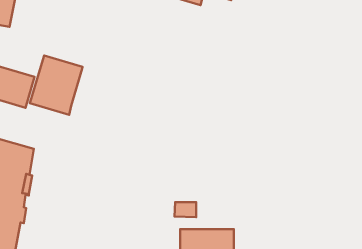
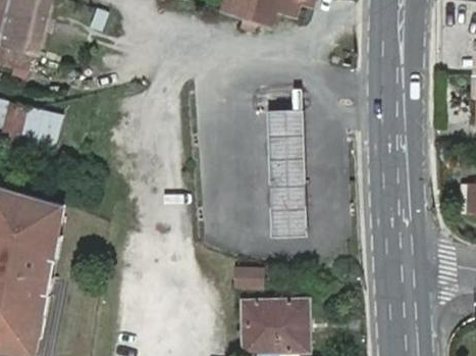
building: [30,56,83,115] -> none
building: none -> [267,109,307,236]

